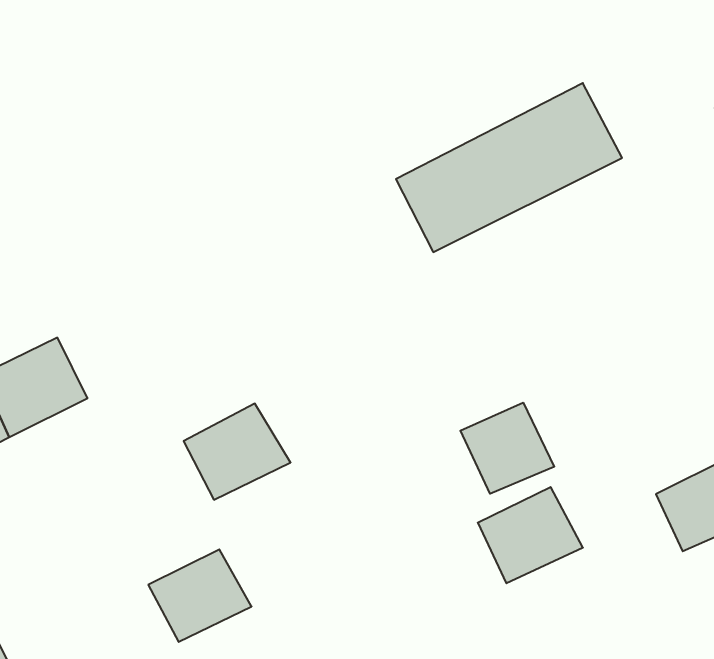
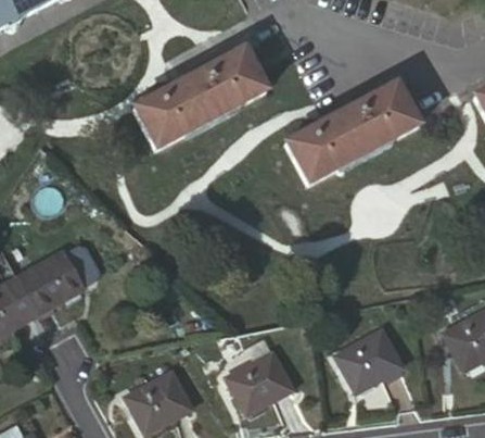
building: none -> [131,48,268,150]
building: [460,403,554,494] -> none
building: [184,404,291,500] -> [226,350,291,409]

